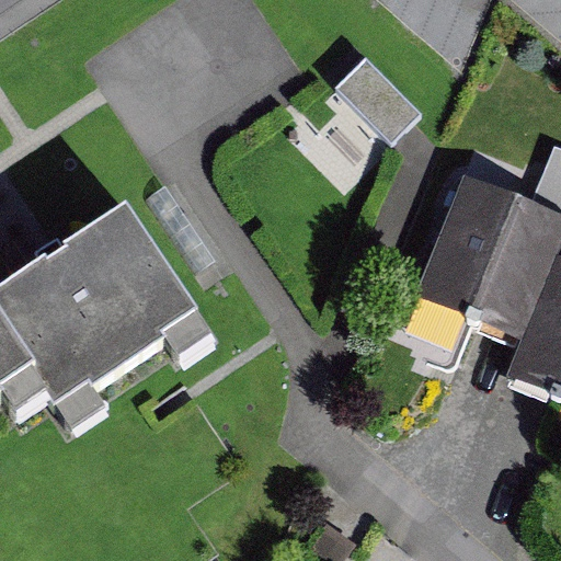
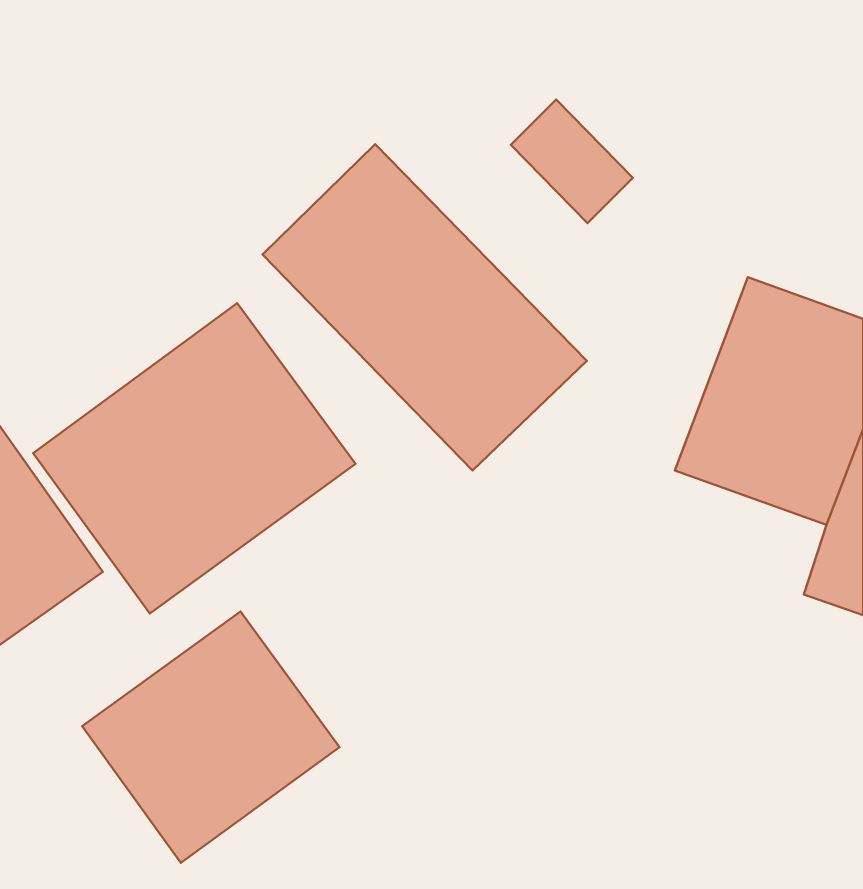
building: none -> [262,144,587,471]
building: none -> [82,612,340,863]

